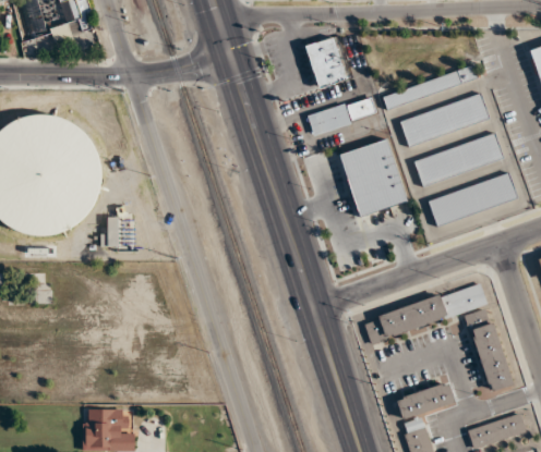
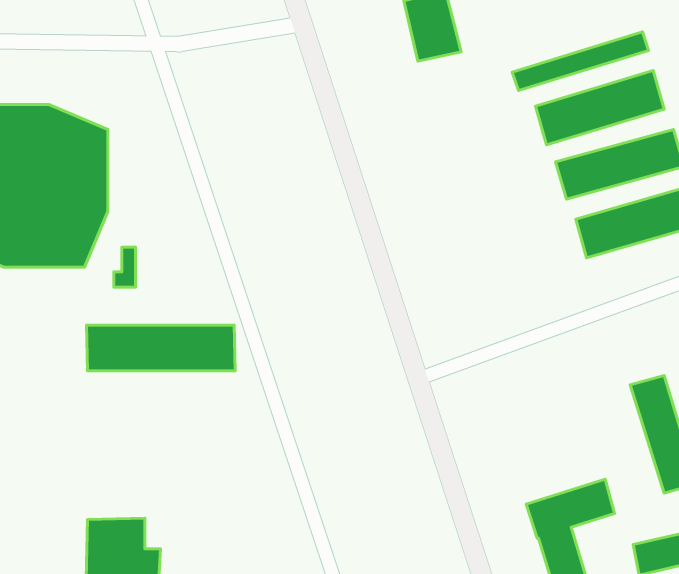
building: [306,97,376,133] -> none
building: [339,138,407,217] -> none
building: none -> [87,325,235,371]
building: [363,284,488,341] -> none

